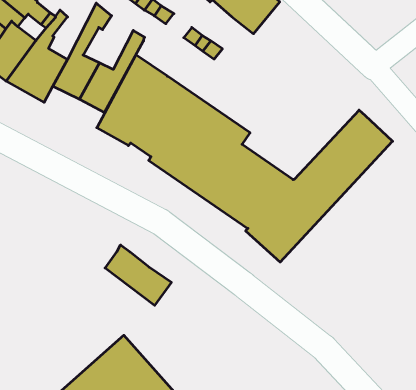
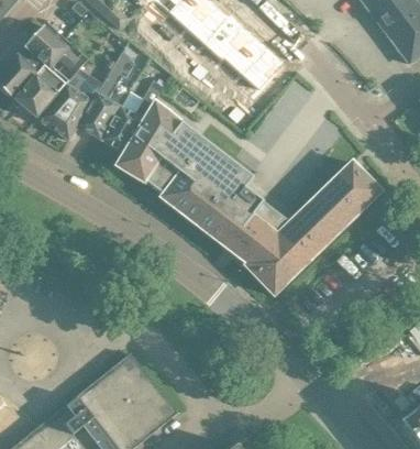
building: [105,245,171,305] -> none

